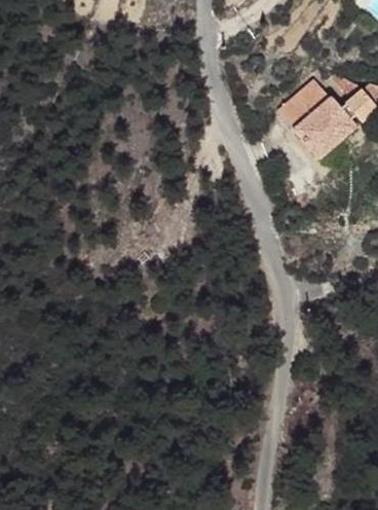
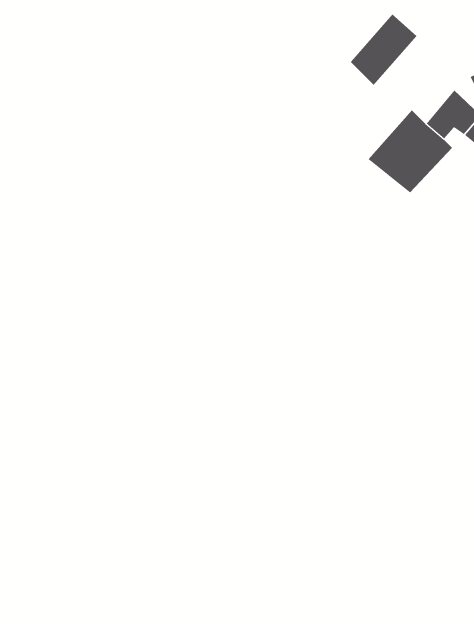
building: [279,82,329,135] -> [350,14,418,86]

